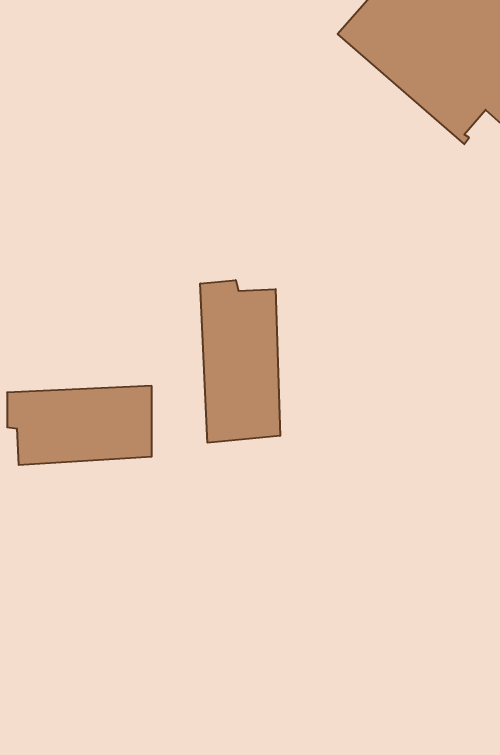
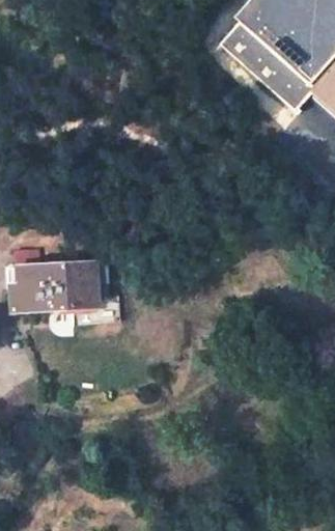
building: [200,280,280,443] -> none

